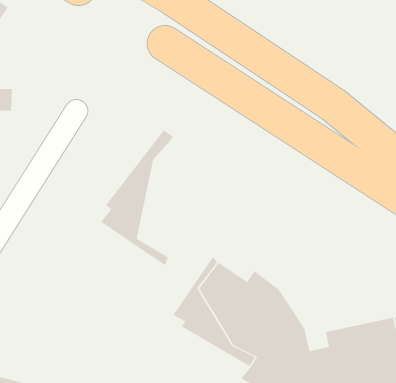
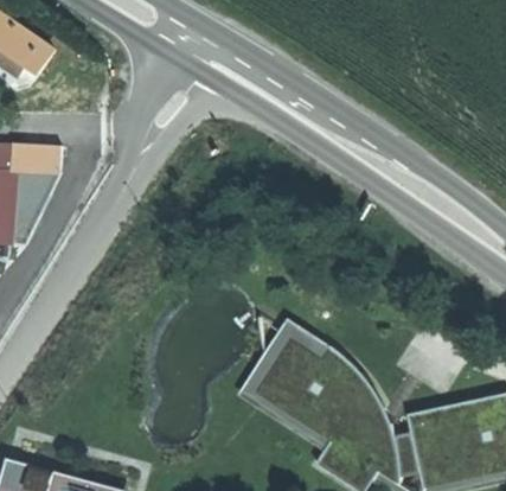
building: [100,130,174,266] -> none

